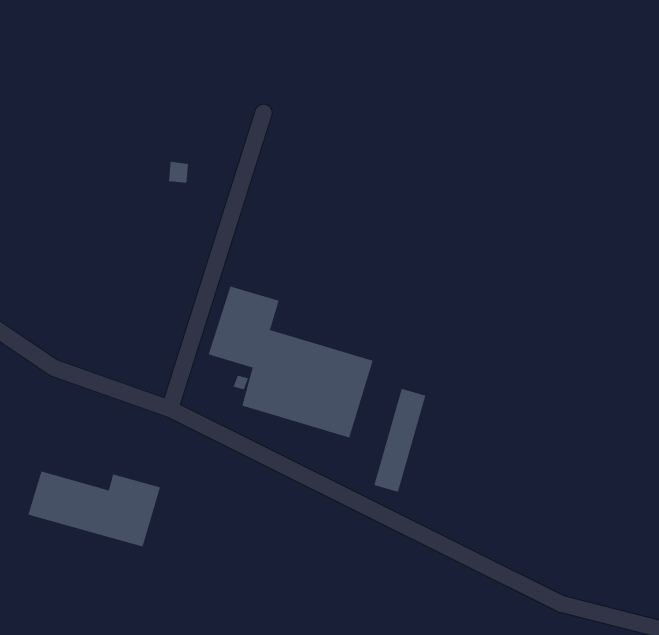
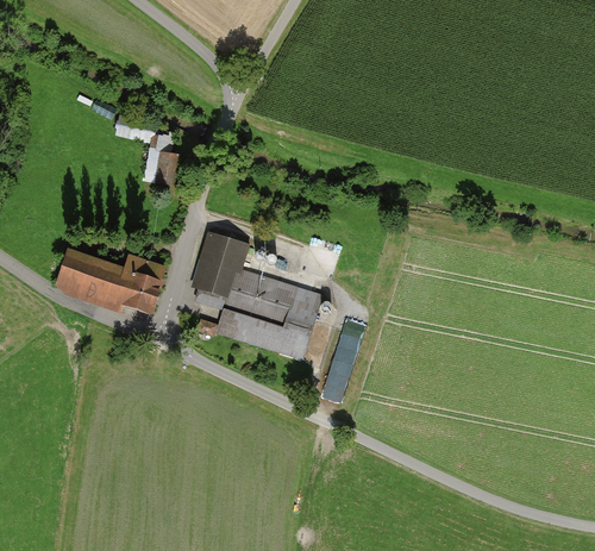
building: none -> [152,151,175,187]
building: [27,471,161,547] -> [54,253,162,315]

